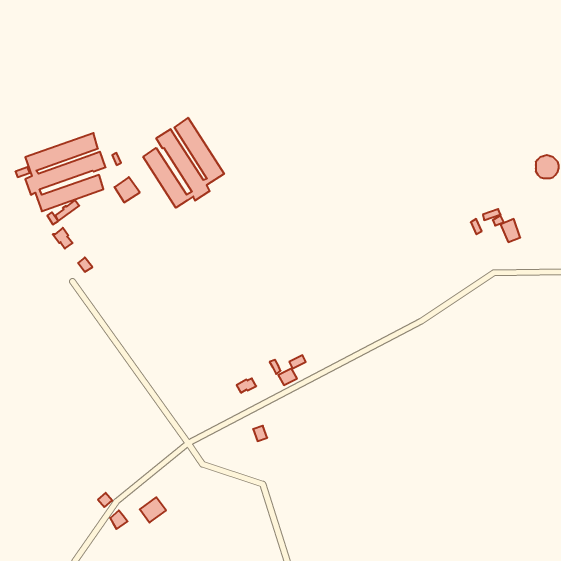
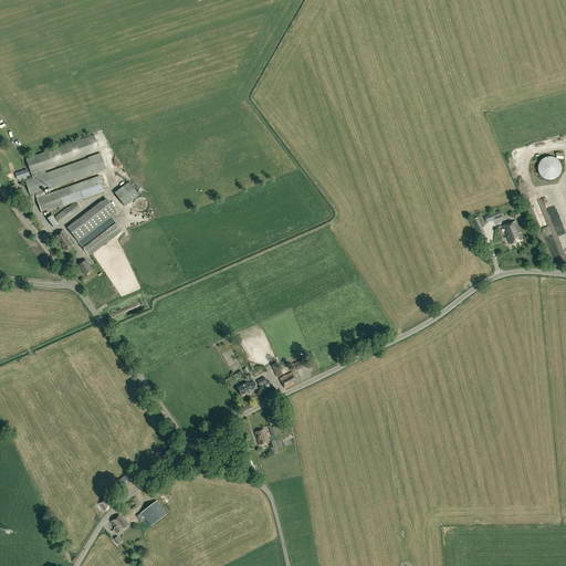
building: [143,118,224,208] -> none
building: none -> [69,203,122,252]

